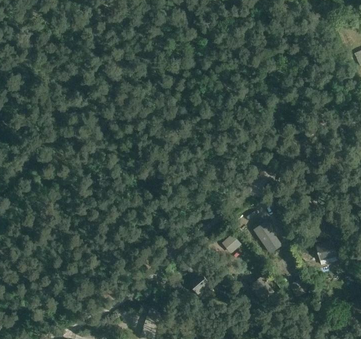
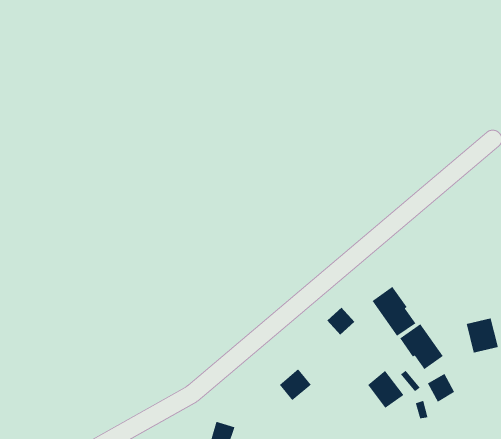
building: none -> [399,323,444,370]

